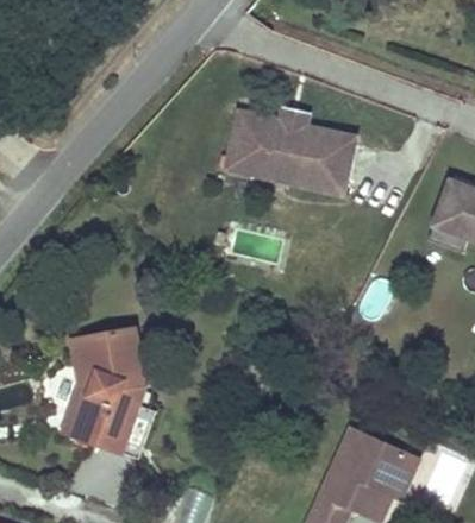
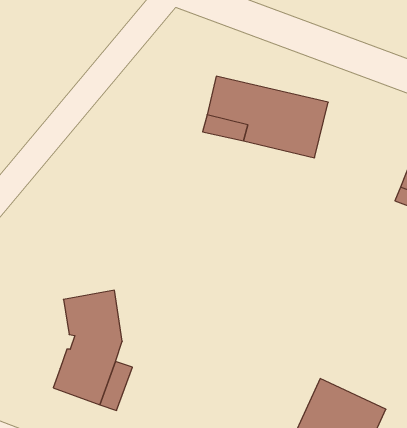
building: [57,342,92,435] -> none

